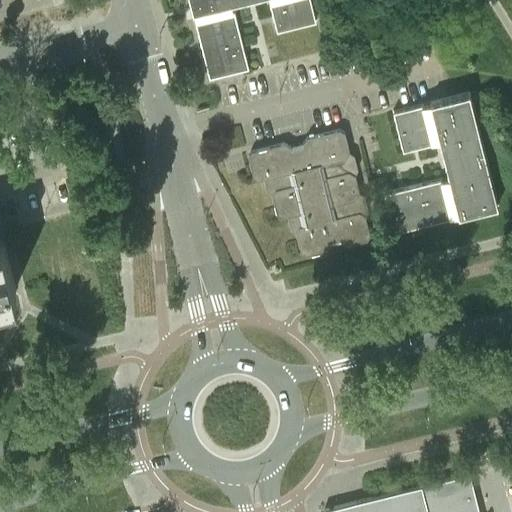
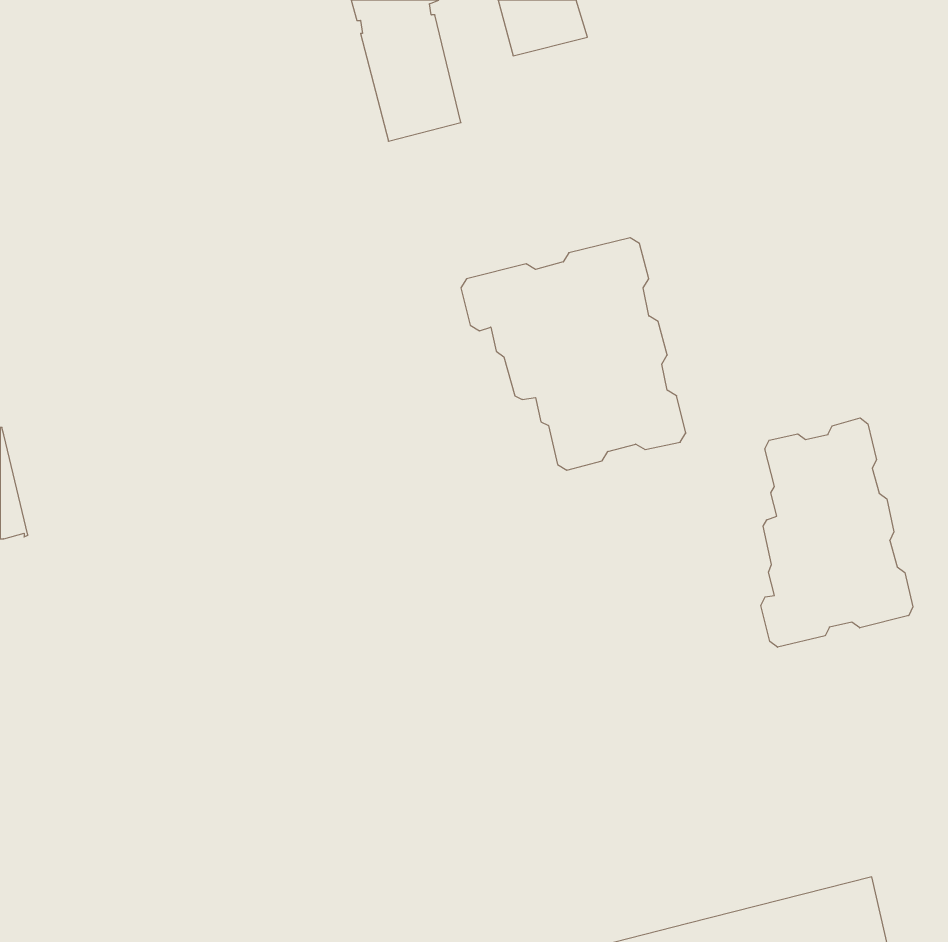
building: [384,94,498,235] -> none
building: none -> [761,418,913,647]

